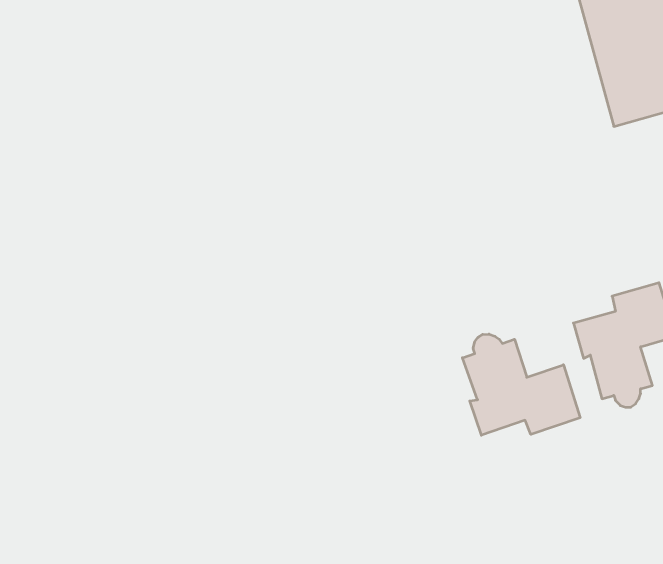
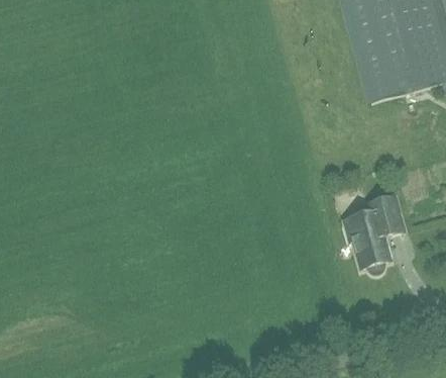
building: [462,334,580,435] -> none

